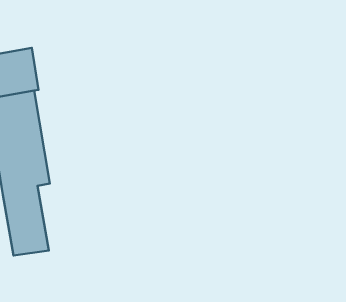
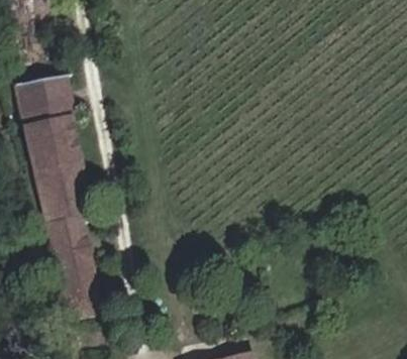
building: none -> [58,272,100,319]

